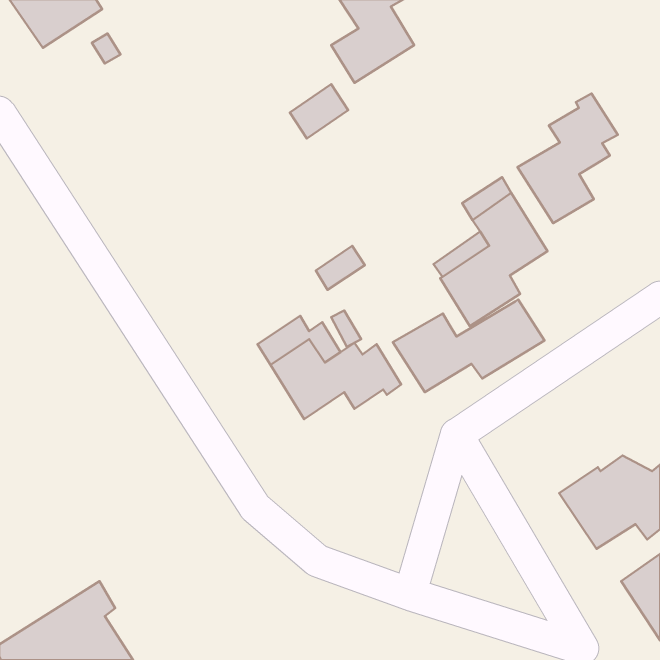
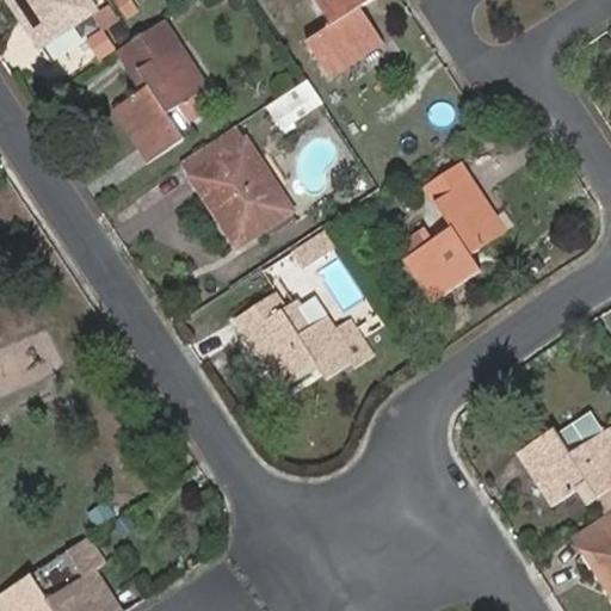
building: none -> [116,18,208,160]
building: [518,94,618,223] -> none
building: none -> [183,126,292,248]
building: [393,299,544,392] -> none

